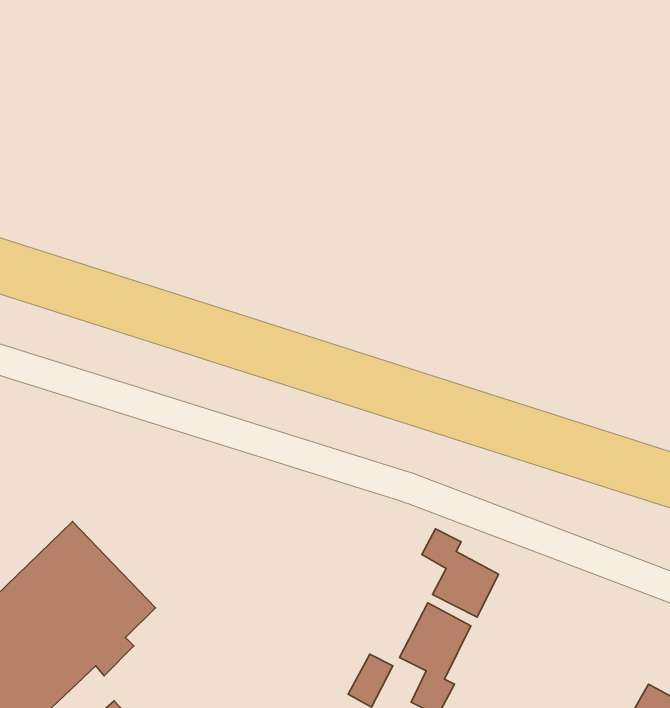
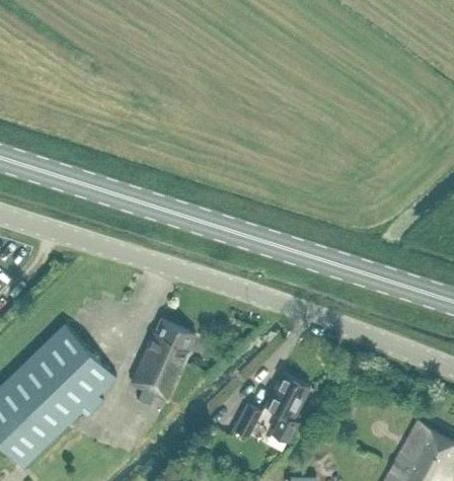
building: none -> [131,320,194,401]
building: [422,529,498,617] -> none

